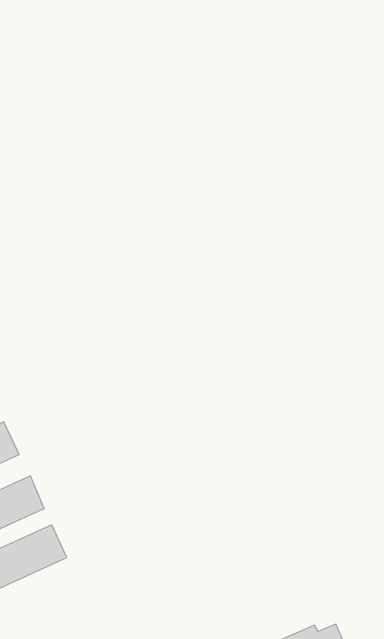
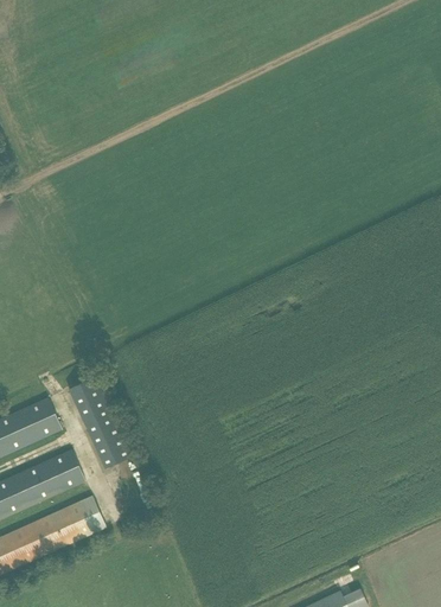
building: none -> [68,376,132,468]

